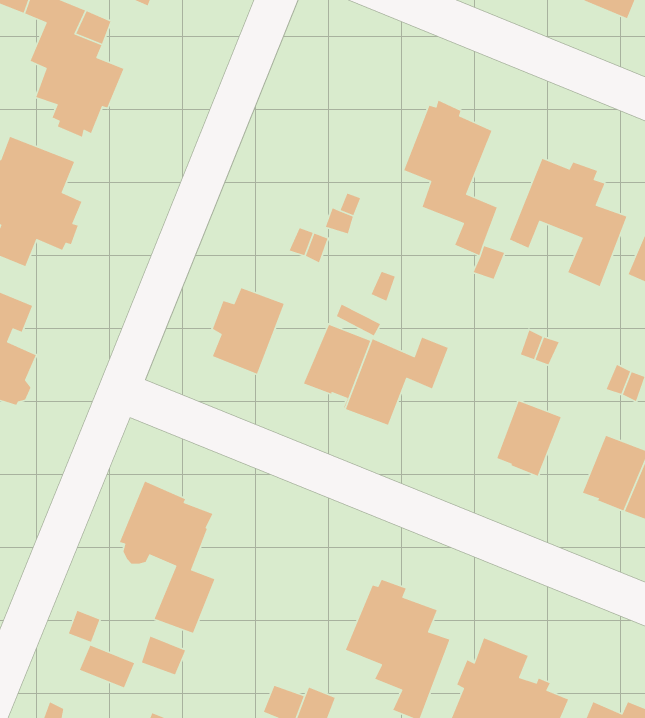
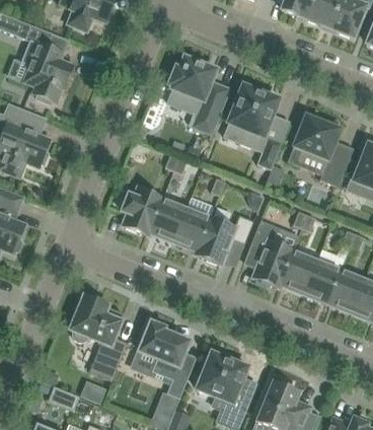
building: none -> [169,58,227,134]
building: none -> [147,197,186,241]
building: none -> [242,220,293,288]
building: none -> [303,260,341,302]
building: none -> [138,321,189,399]

